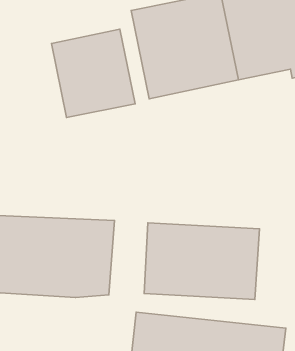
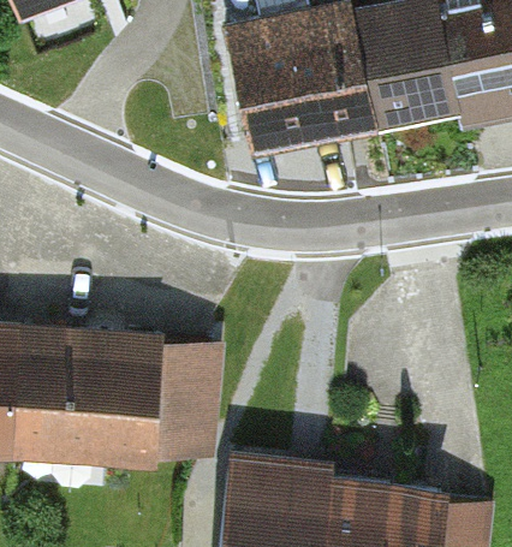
building: [52,29,135,117] -> none
building: [144,223,259,299] -> none

